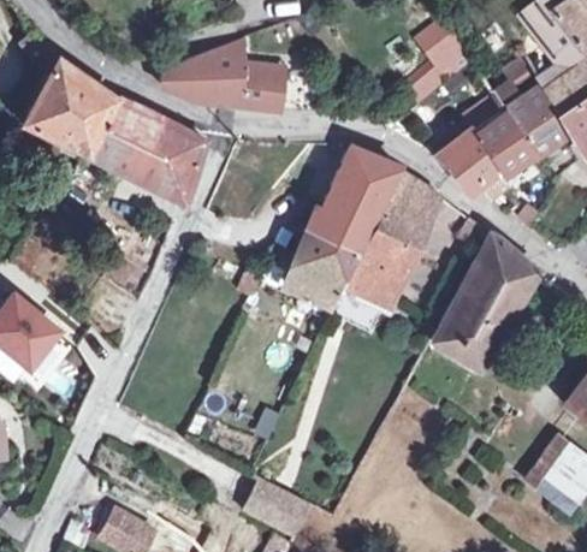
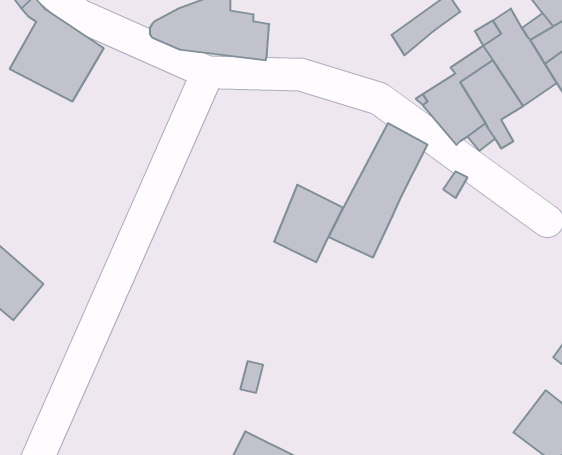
building: [87,97,204,200] -> none
building: [310,150,401,256] -> none
building: [431,232,538,366] -> none

